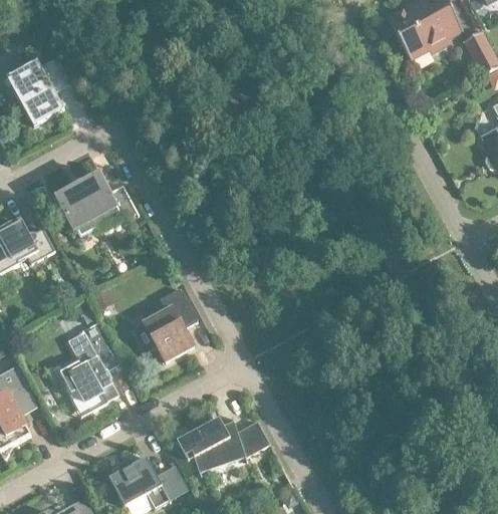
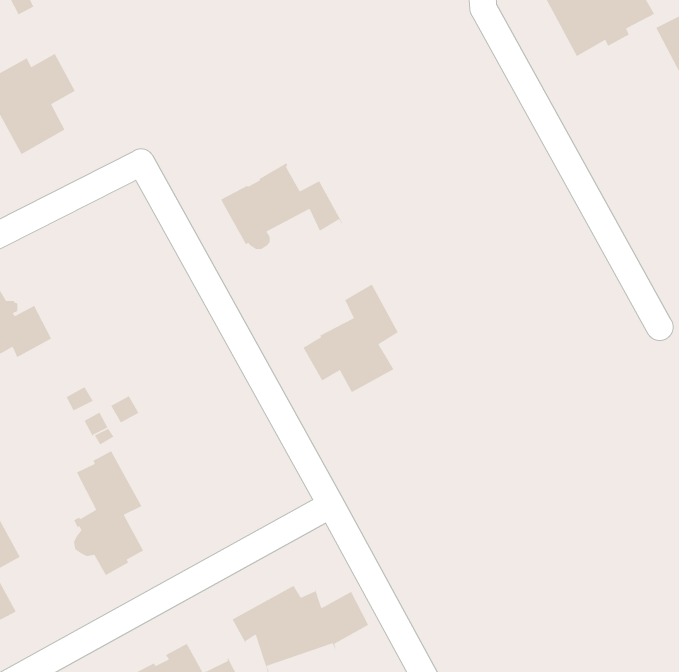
building: [55,172,139,231] -> [220,162,343,250]
building: [132,286,197,360] -> [303,284,399,393]

